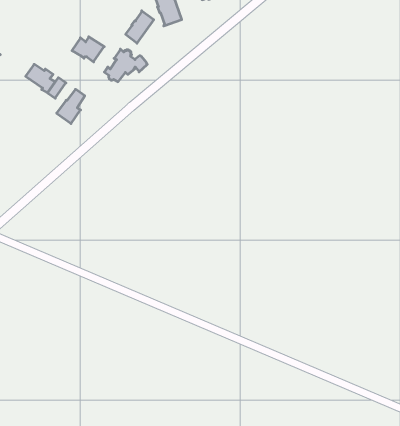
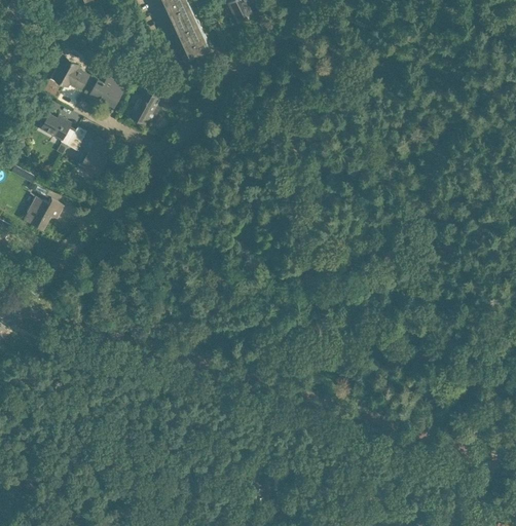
building: [126,11,154,43] -> none
building: none -> [50,58,86,89]
building: none -> [25,196,61,229]

